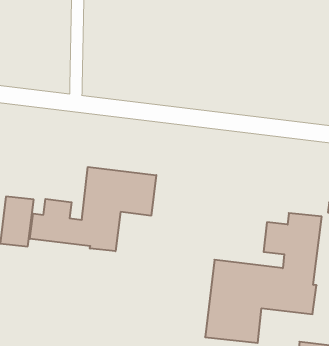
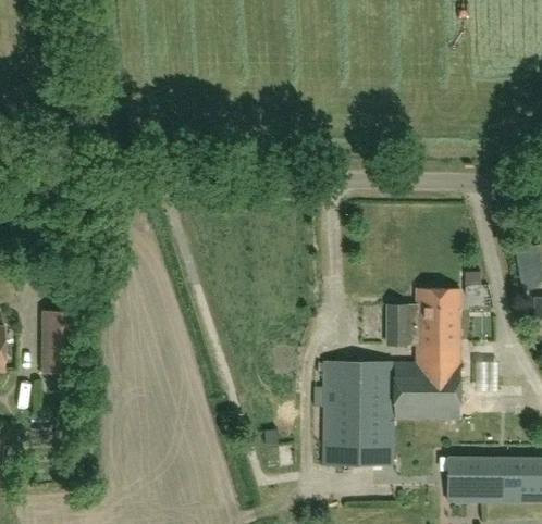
building: [30,167,156,251] -> none

